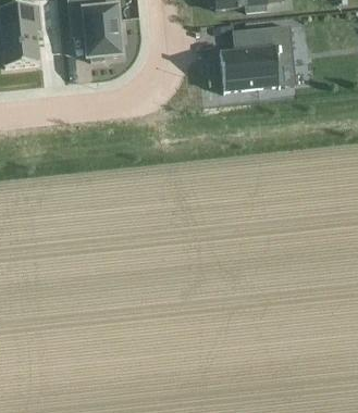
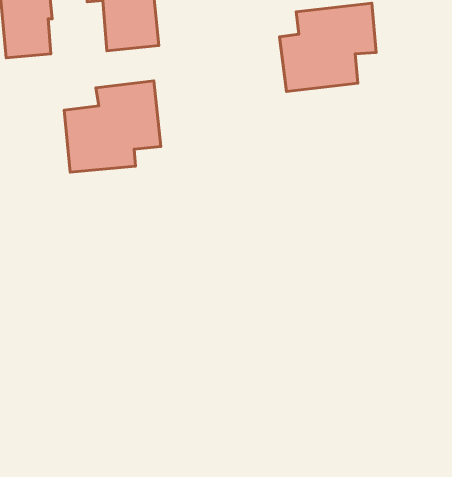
building: none -> [64,81,161,172]

